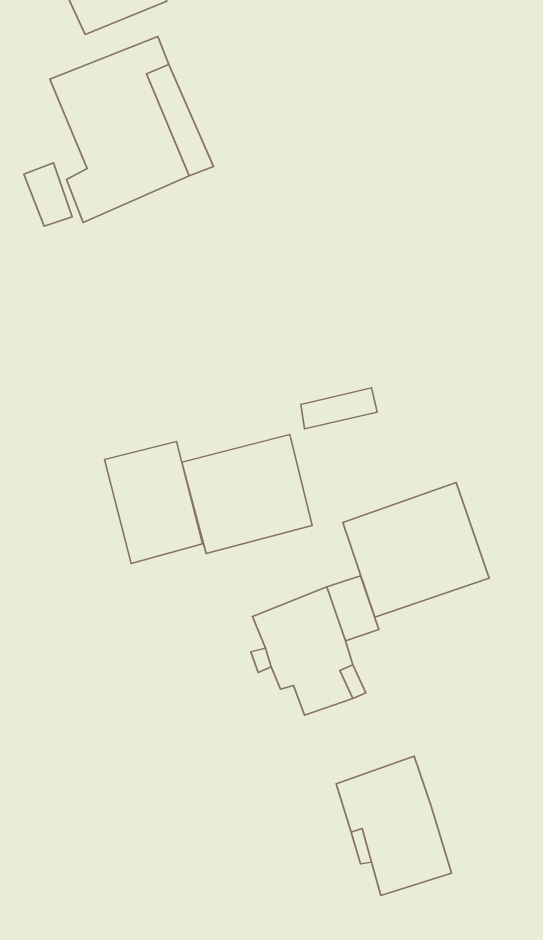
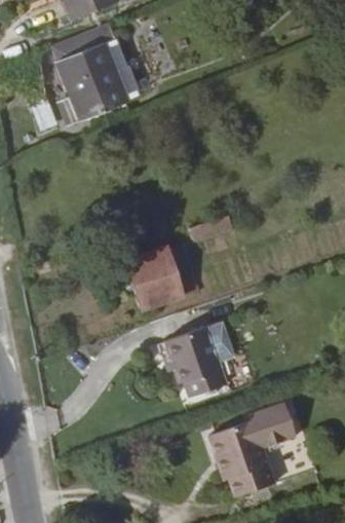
building: [104,441,203,563] -> none
building: [343,482,489,617] -> none
building: none -> [248,403,294,448]

